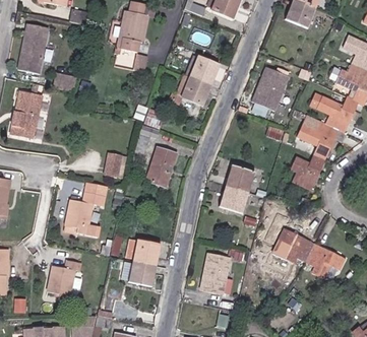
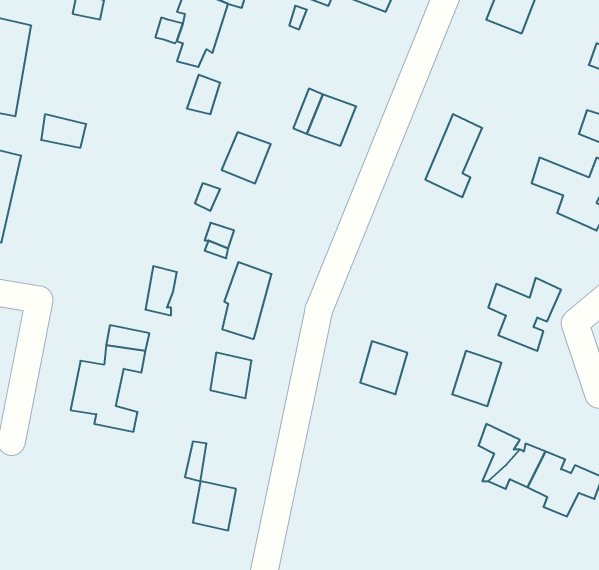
building: [183,81,208,108] -> [222,132,271,184]
building: [292,120,337,161] -> none
building: [225,165,250,194] -> [452,351,501,406]
building: [136,241,158,264] -> [210,353,252,398]
building: [200,257,230,296] -> none
building: [50,258,85,299] -> none

